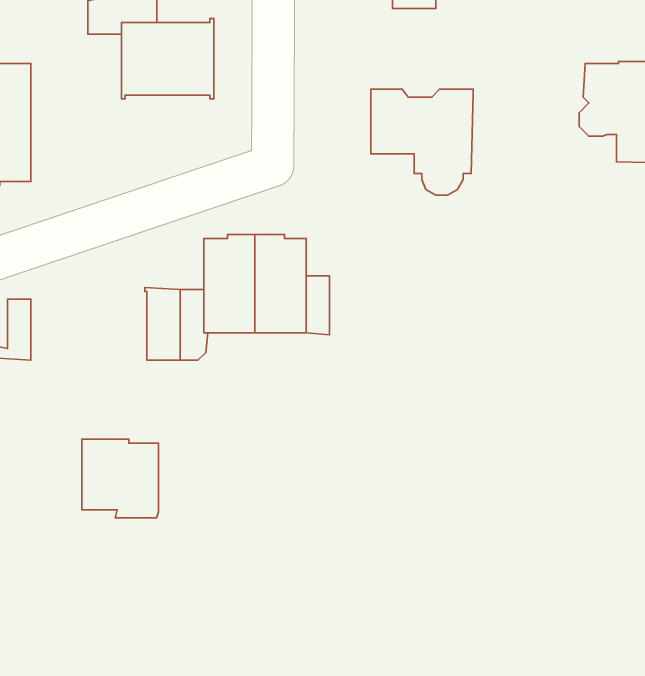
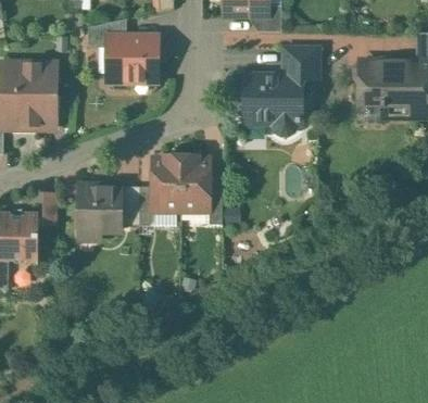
building: none -> [285,47,317,77]
building: [82,439,158,518] -> [77,185,119,228]

